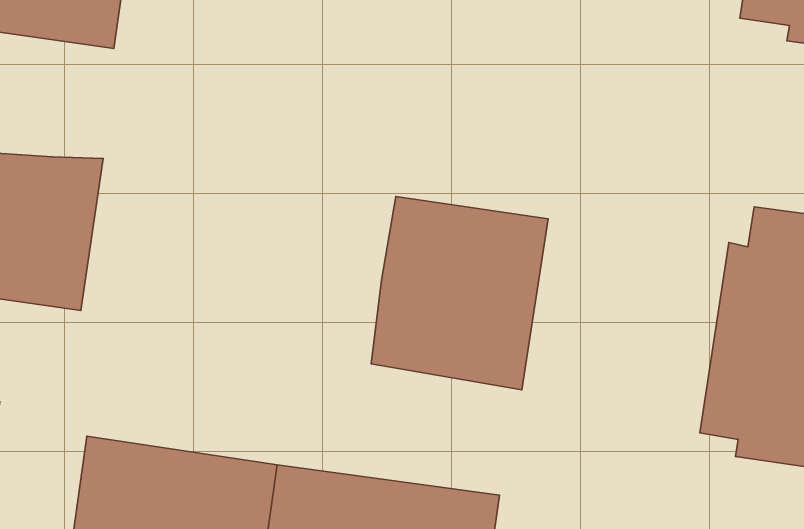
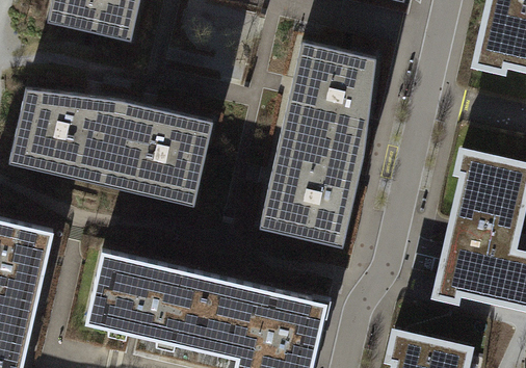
building: none -> [281,41,376,152]
building: none -> [102,100,213,204]

